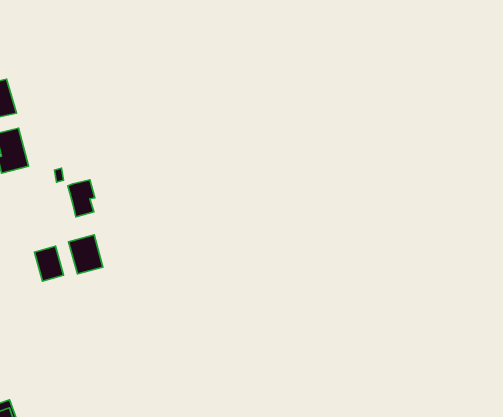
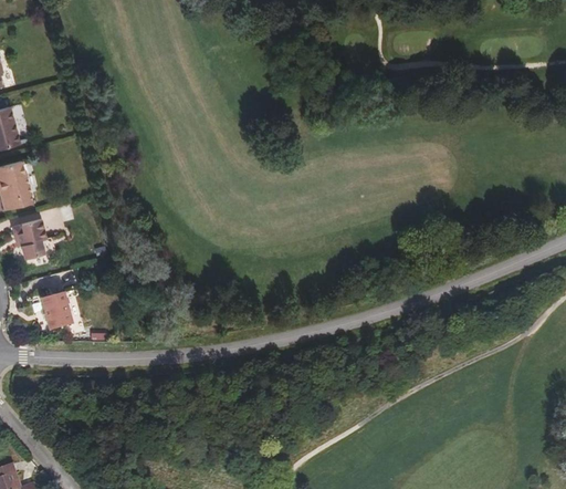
building: [68,180,95,217] -> [15,219,45,260]
building: [69,235,103,274] -> none

